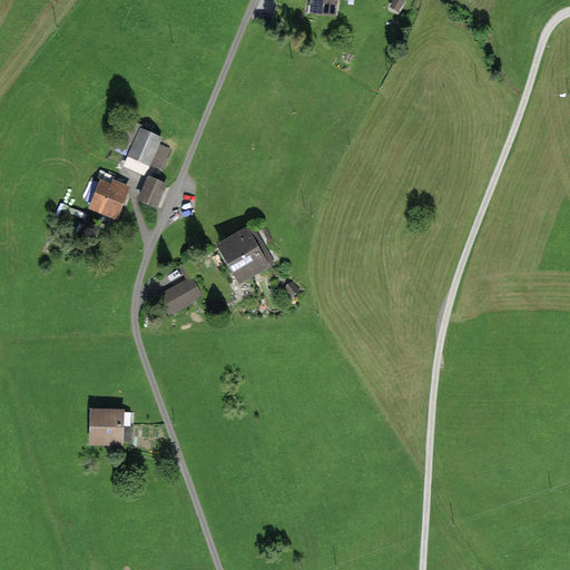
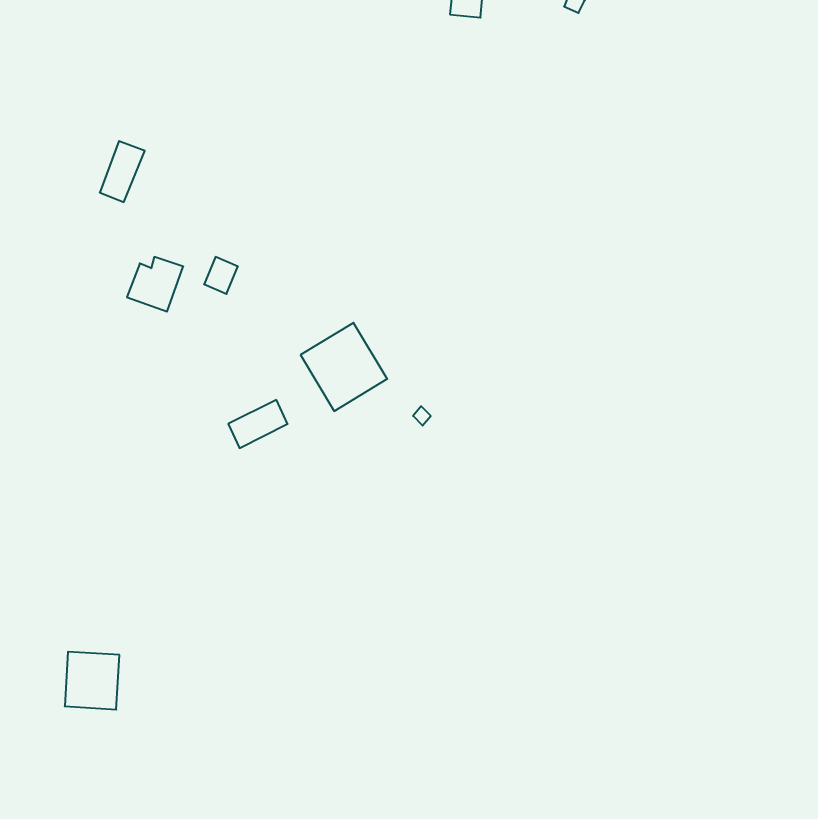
building: [129,129,160,171] -> [100,141,145,202]
building: [83,405,121,445] -> [65,652,119,710]

